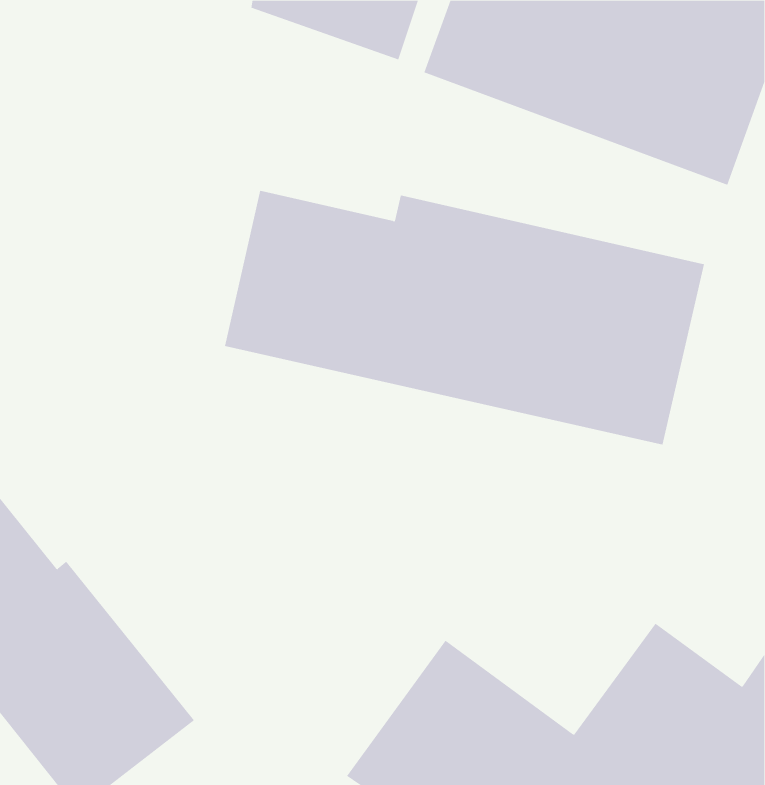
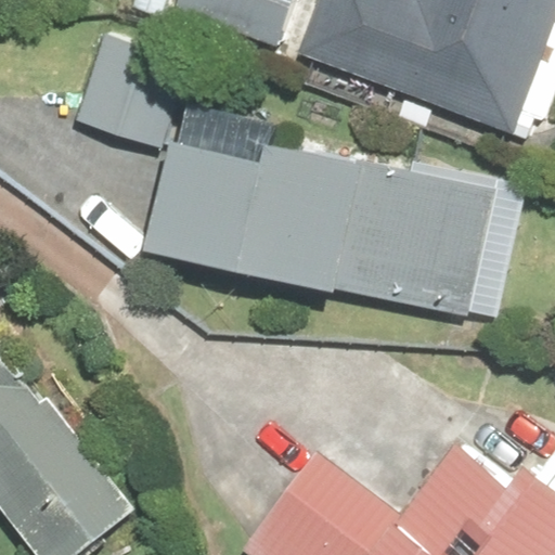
building: none -> [70,31,186,146]

